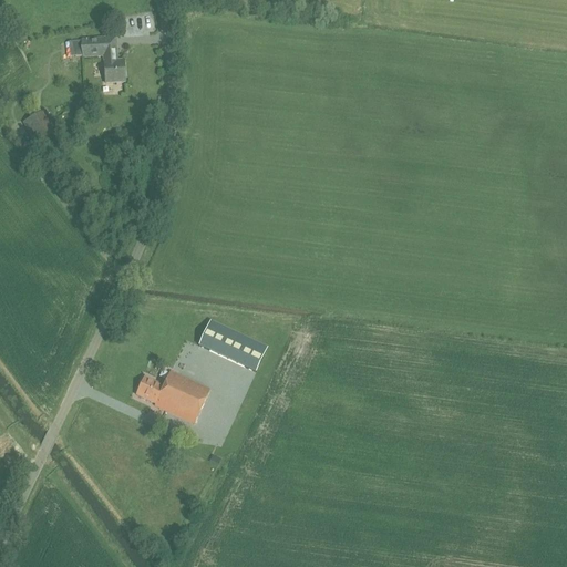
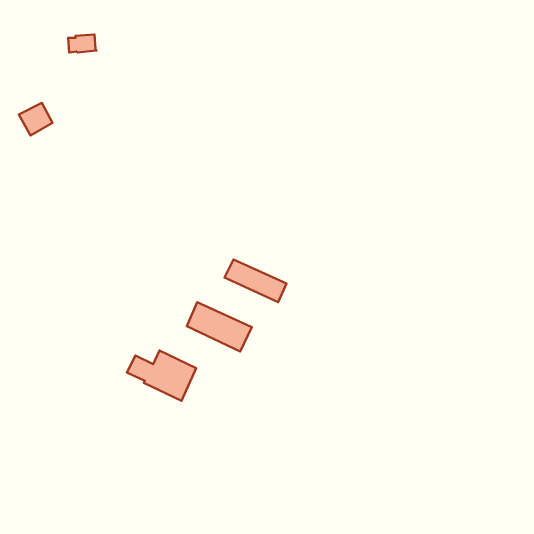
building: [100,35,123,81] -> none
building: none -> [225,259,287,302]

